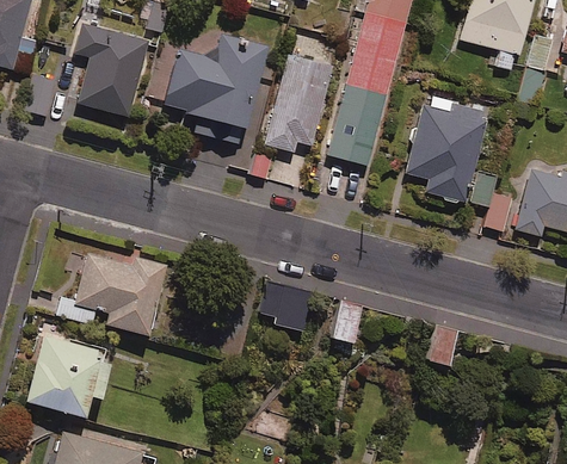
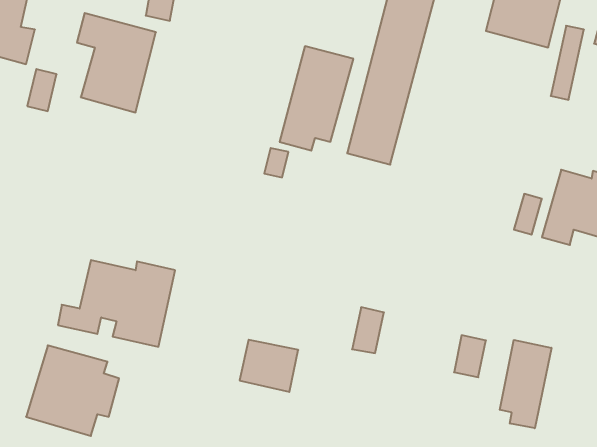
building: [165,35,269,144] -> none
building: [403,98,485,204] -> none
building: [255,280,310,329] -> [240,340,298,392]
building: none -> [500,340,551,428]

